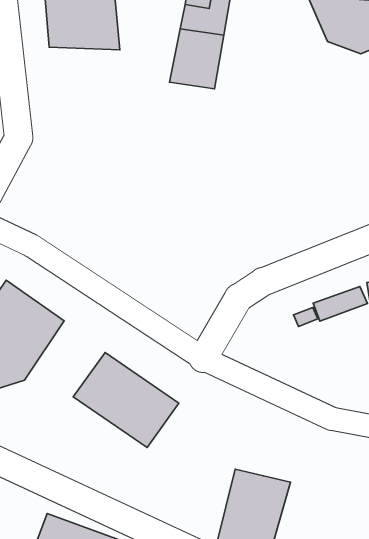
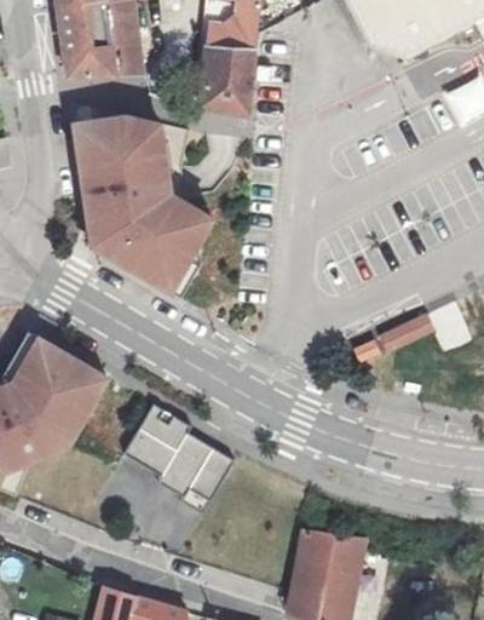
building: none -> [73,116,220,299]

